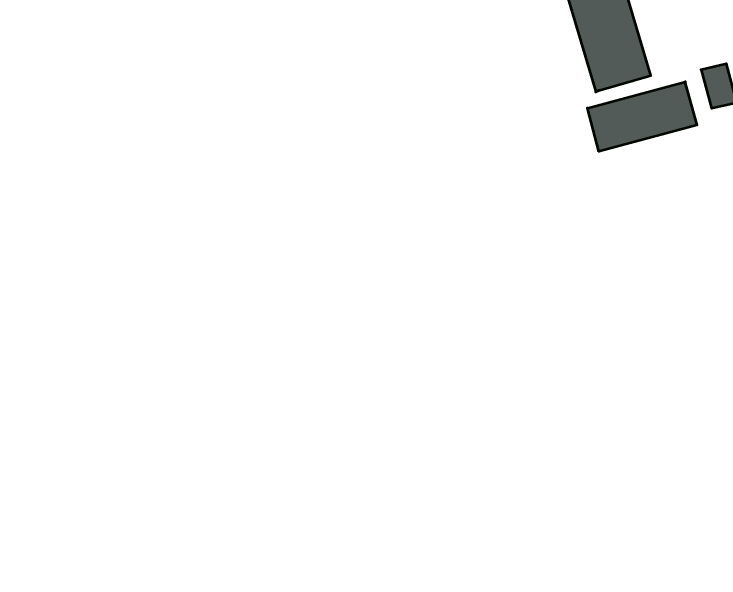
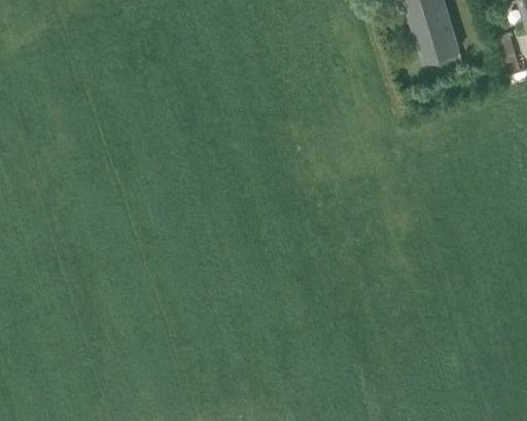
building: [587,82,697,151] -> none

